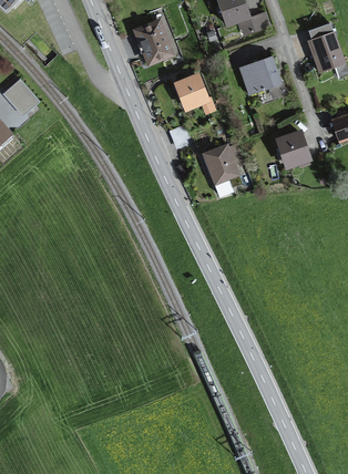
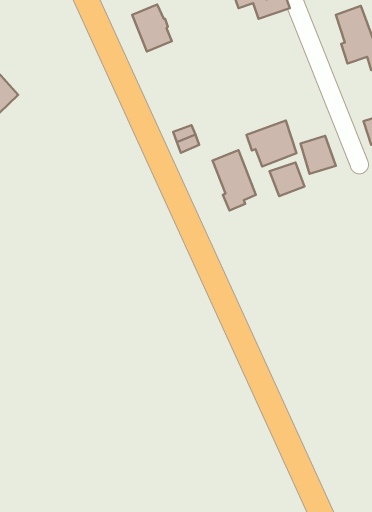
building: [238,55,280,94] -> [246,120,296,166]
building: [177,76,206,107] -> none
building: none -> [270,163,304,196]

